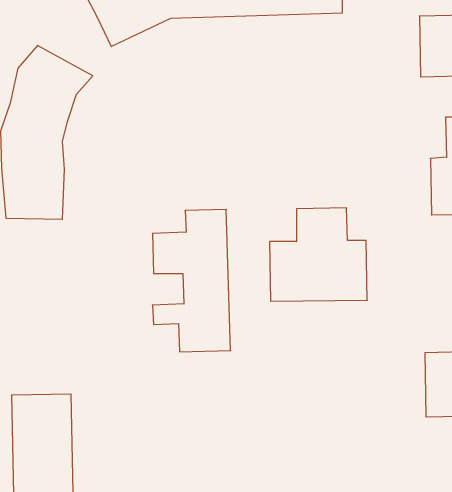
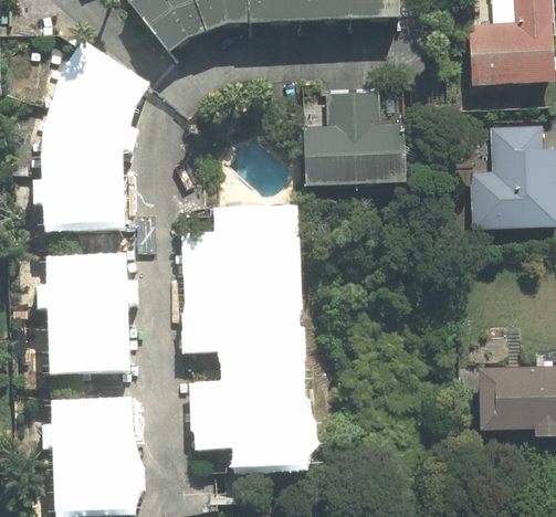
building: [270,208,367,301] -> [301,91,400,186]
building: none -> [52,266,115,366]
building: none -> [208,372,291,465]

